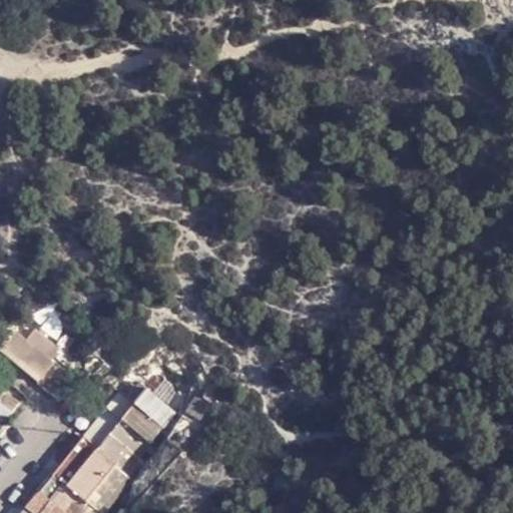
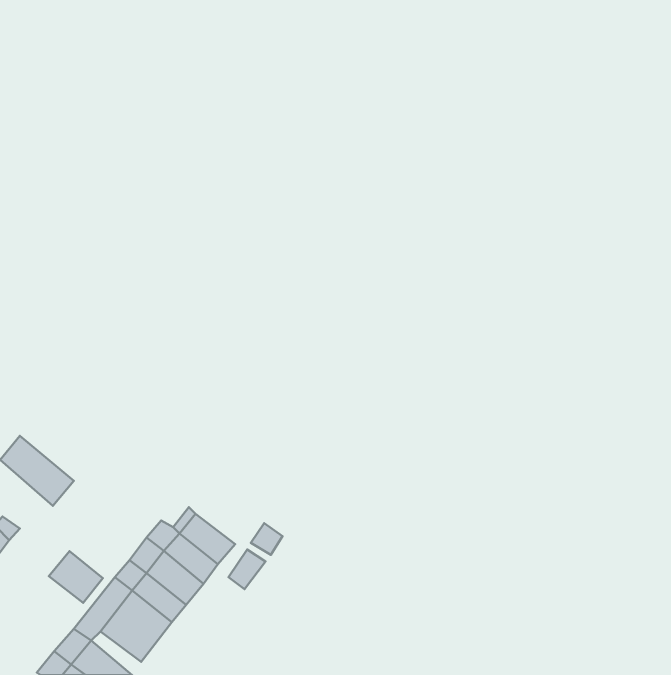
building: none -> [49,551,103,603]

